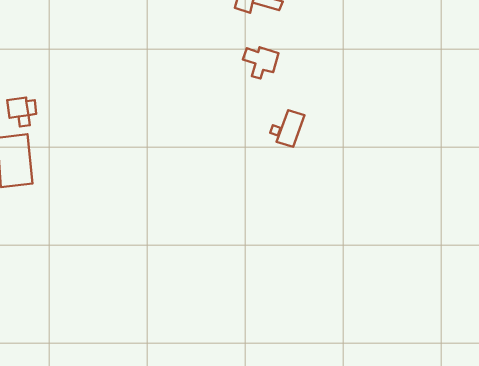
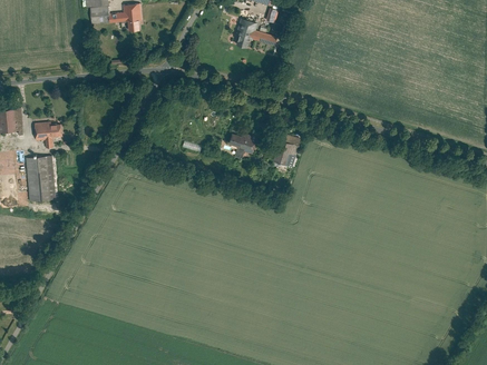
building: [243,47,278,79] -> [227,131,259,159]

